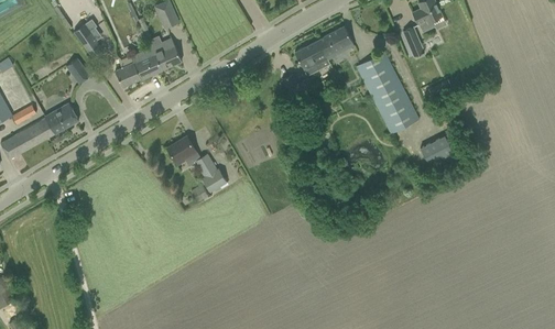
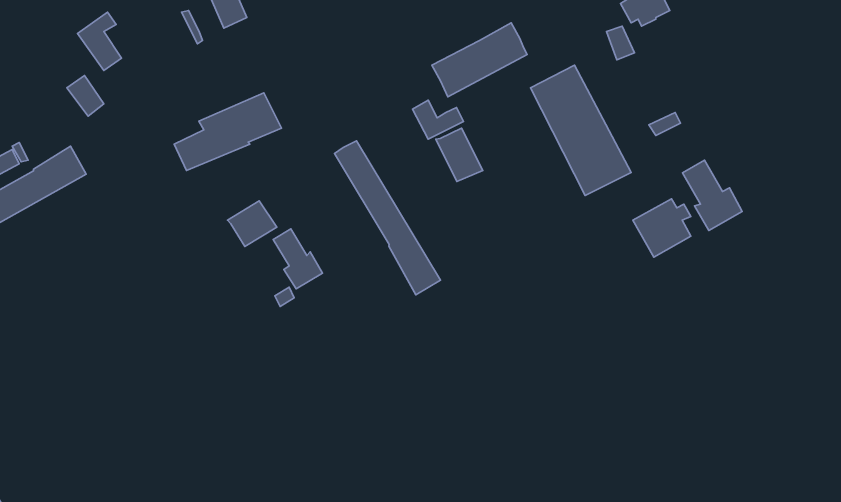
building: [115,39,182,87] -> [174,93,282,170]
building: none -> [436,128,483,182]
building: none -> [335,141,441,295]
building: none -> [683,160,742,230]

